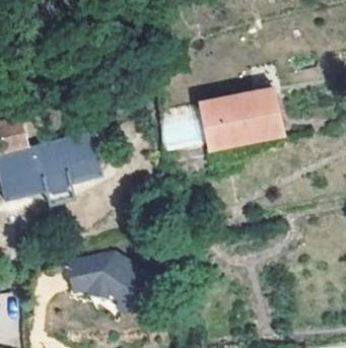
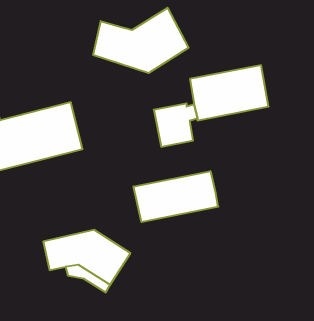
building: none -> [93,8,189,73]
building: none -> [134,171,218,222]

